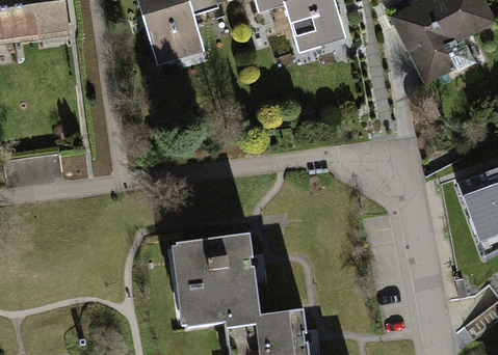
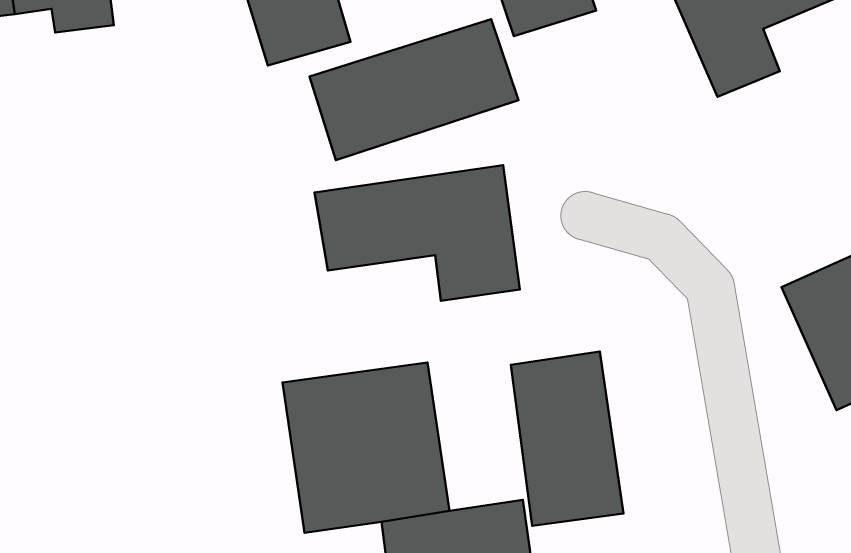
building: none -> [309,19,518,160]
building: none -> [315,165,520,301]
building: none -> [511,351,623,526]

